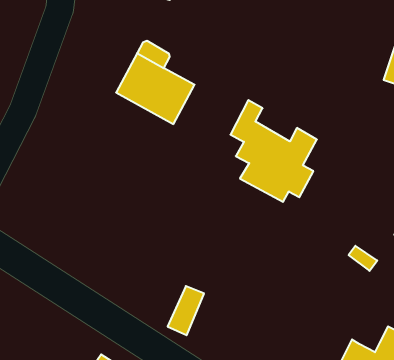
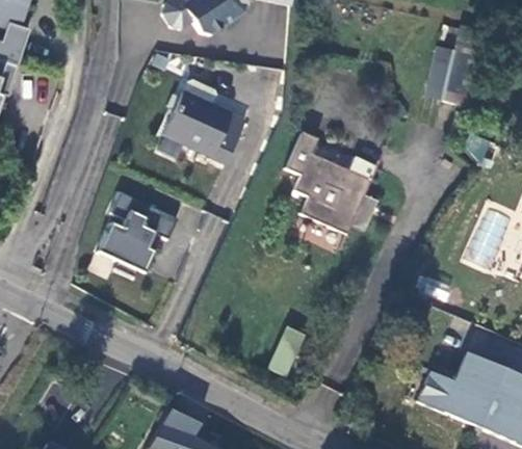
building: none -> [96,192,177,278]
building: [168,286,204,335] -> [269,324,305,375]

